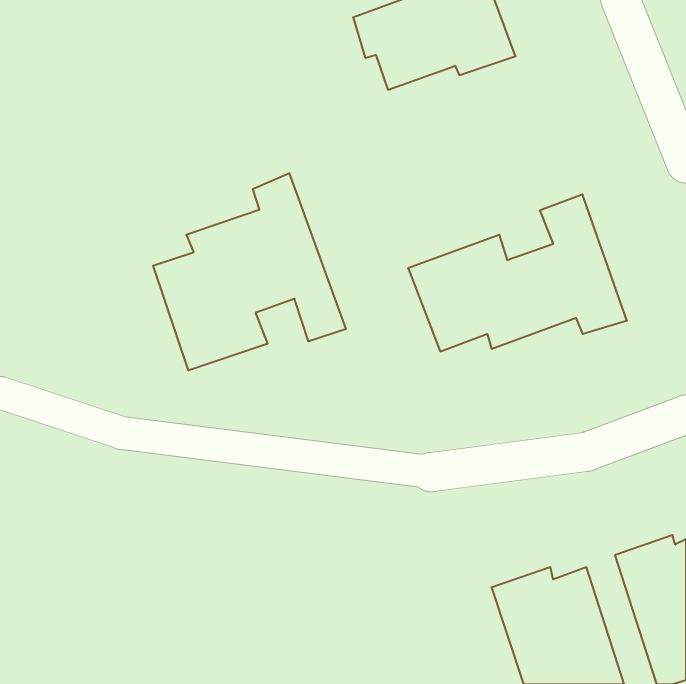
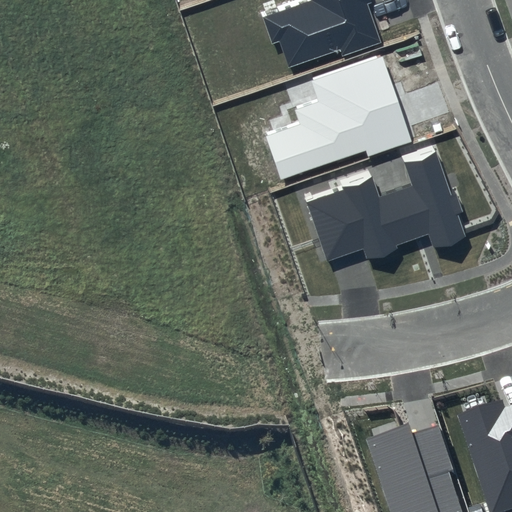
building: none -> [267,55,410,178]
building: [153,173,346,371] -> none

